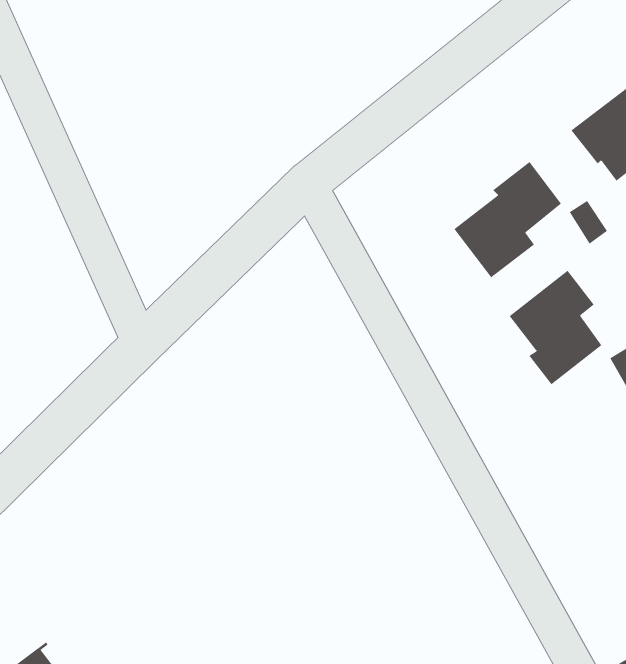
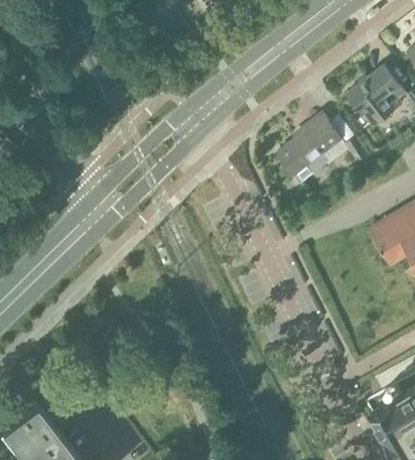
building: [509,270,602,385] -> none

